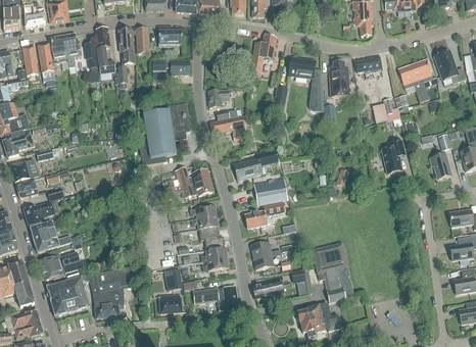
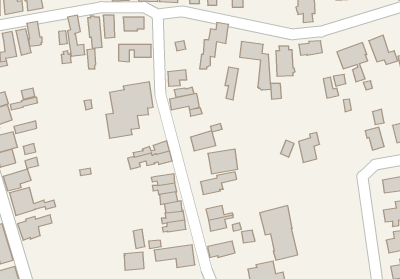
building: [61,33,82,67] -> none
building: [381,140,404,174] -> [299,132,320,163]
building: [46,267,132,318] -> none

